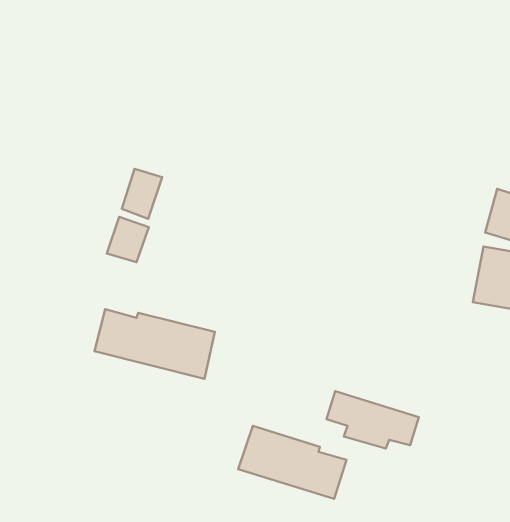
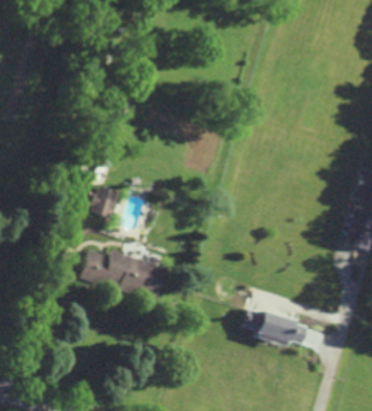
building: [122,169,162,219] -> none
building: [238,426,346,499] -> none

